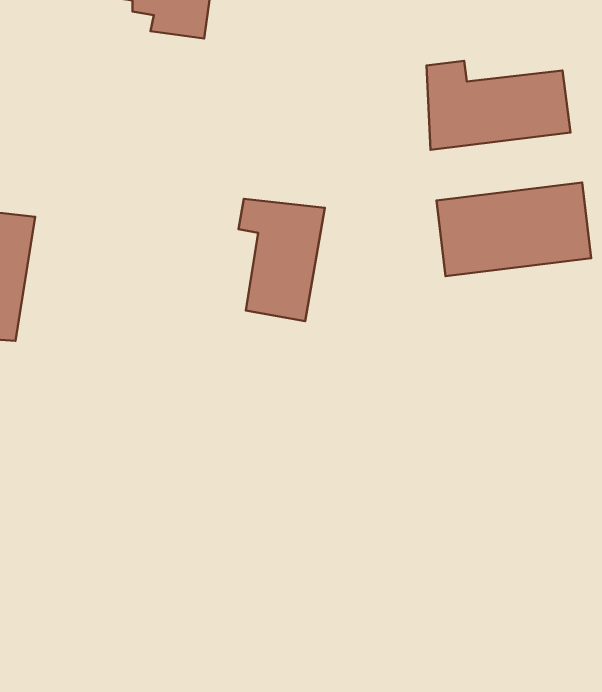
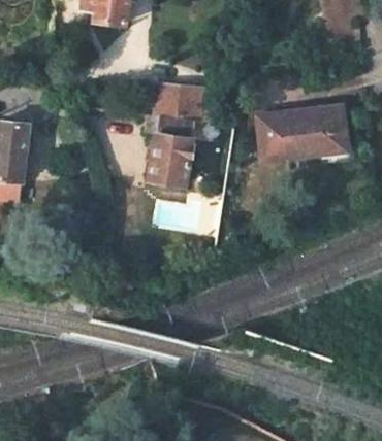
building: [426,61,571,150] -> none
building: none -> [155,87,200,122]

